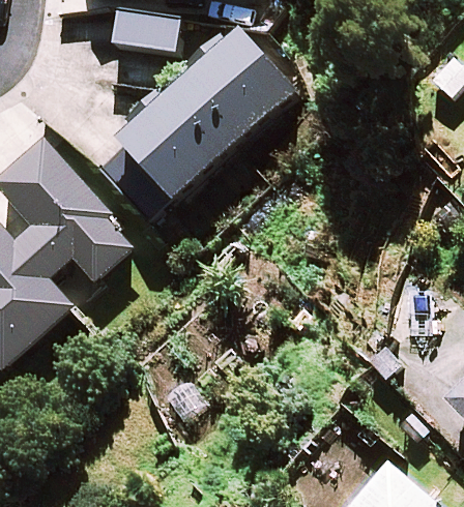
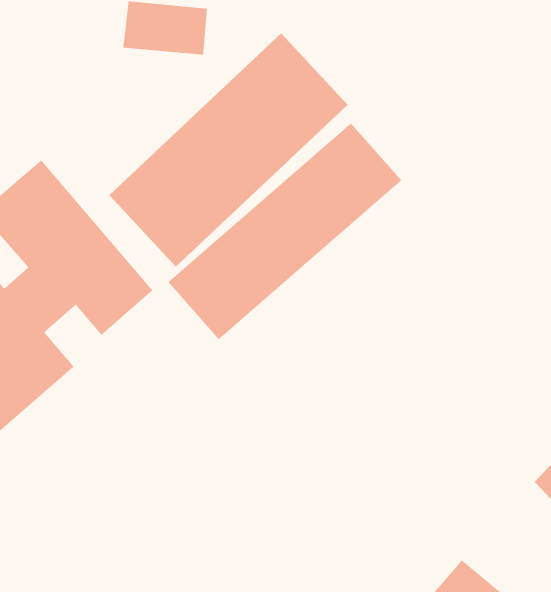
building: none -> [167,122,402,340]

